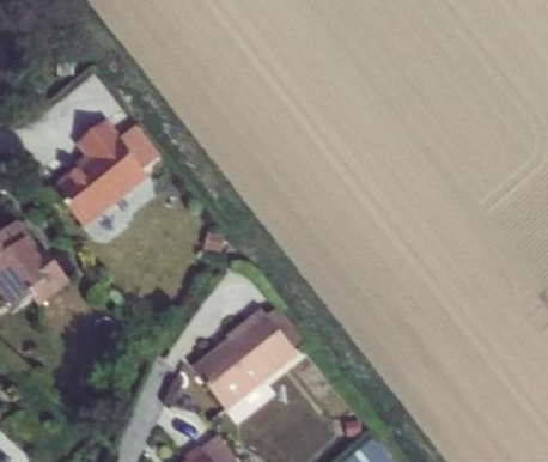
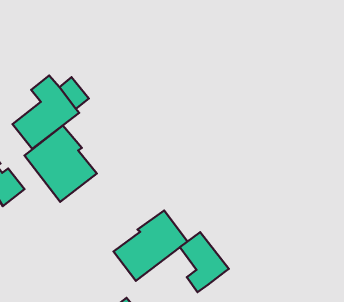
building: none -> [24,126,97,202]
building: none -> [180,232,229,292]

